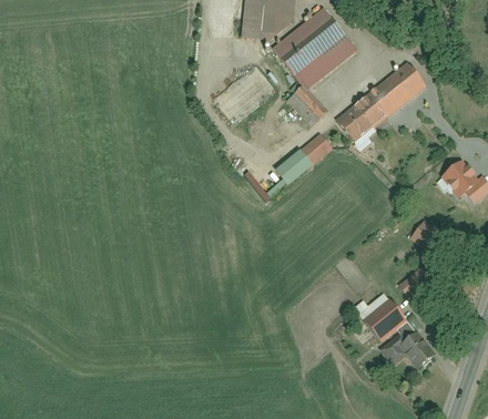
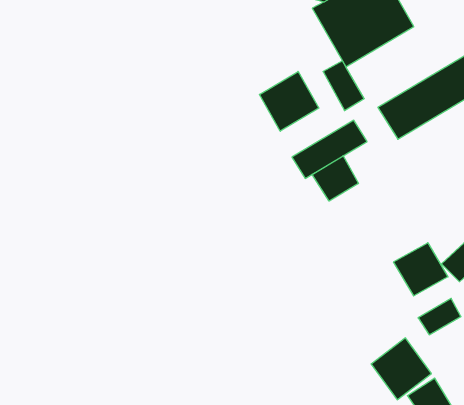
building: none -> [259,71,319,131]
building: none -> [312,156,358,201]
building: none -> [394,243,448,296]

